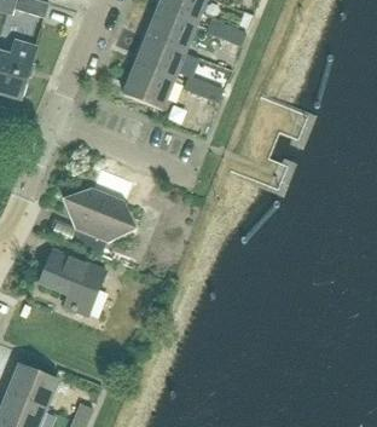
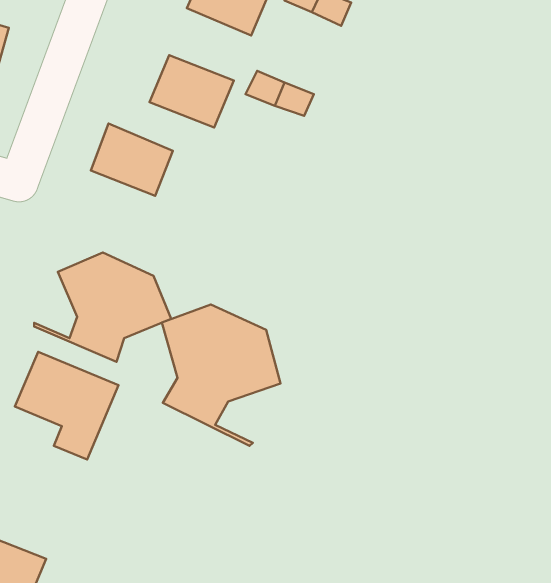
building: [134,35,185,80] -> [91,124,173,196]
building: none -> [162,304,280,446]

